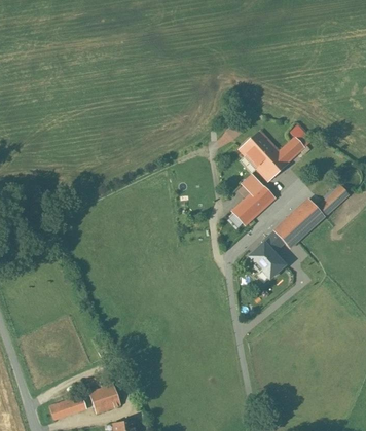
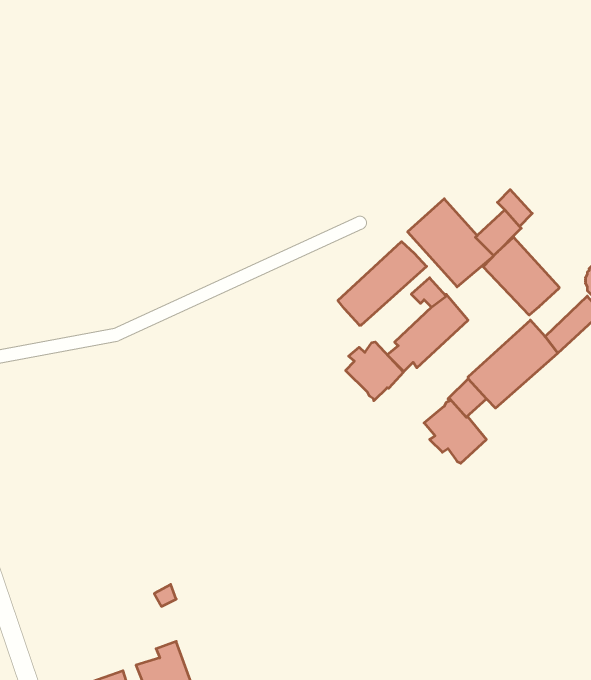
building: none -> [483,237,559,315]
building: none -> [338,242,427,325]
building: none -> [346,342,403,401]

